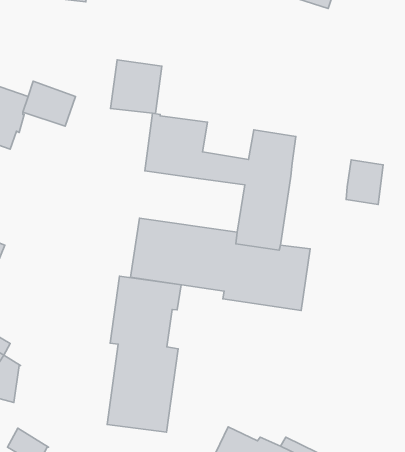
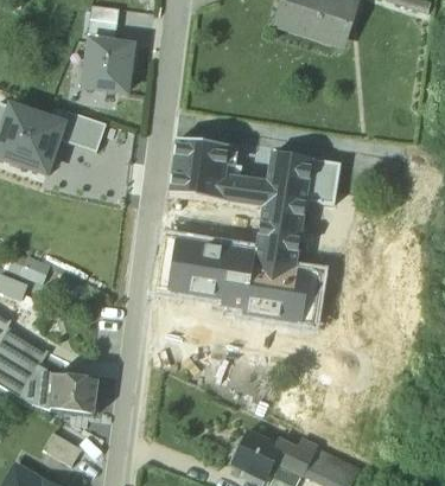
building: [111,60,162,114] -> [85,40,133,90]
building: [346,160,383,205] -> [306,160,341,202]
building: [107,276,181,432] -> none
building: none -> [50,372,98,413]

